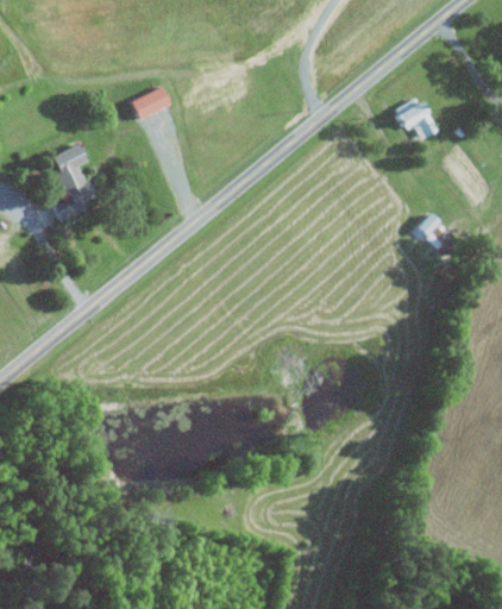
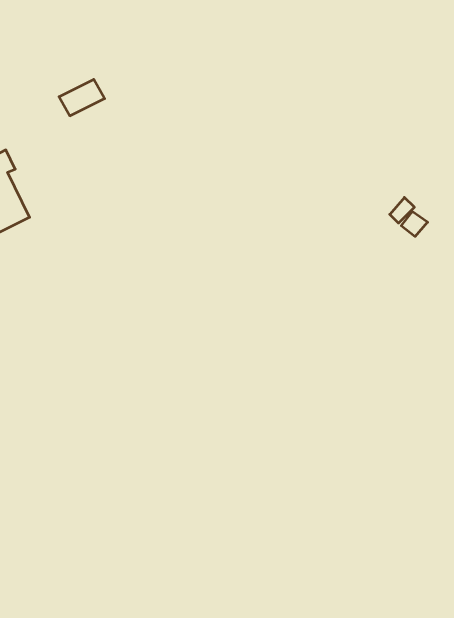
building: [395,98,438,139] -> none

